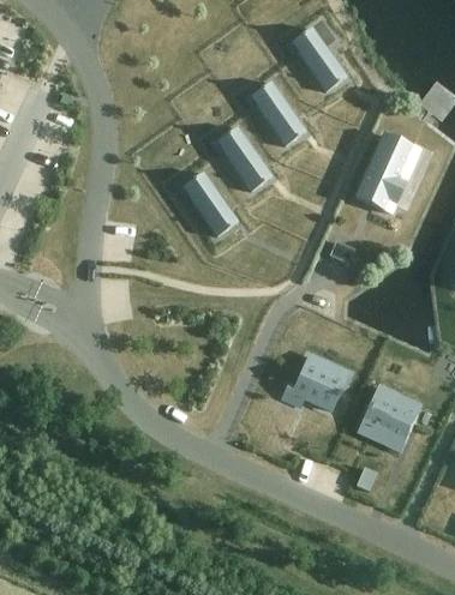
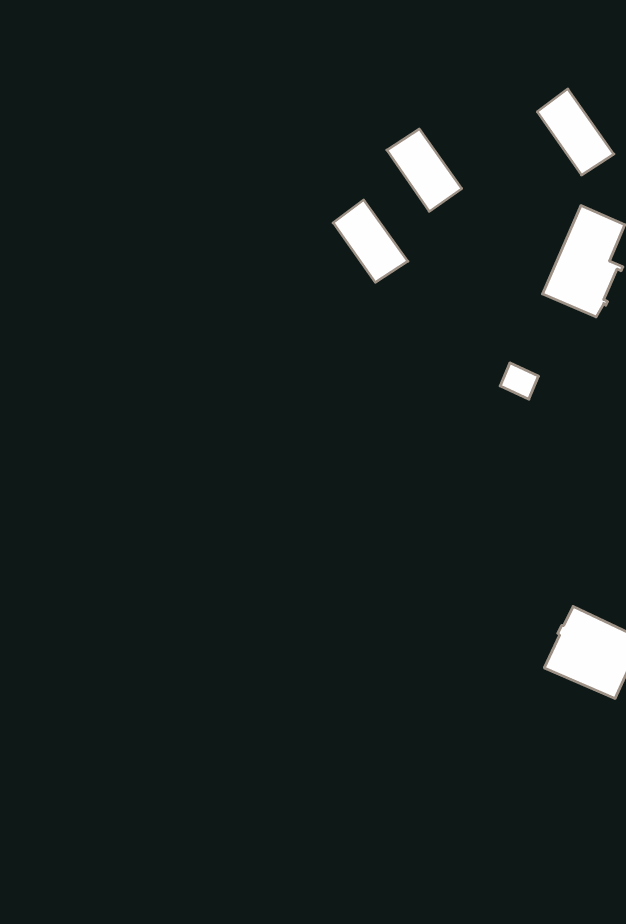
building: [298,34,346,88] -> [537,89,614,175]
building: [190,181,237,233] -> none
building: [281,359,345,407] -> none

